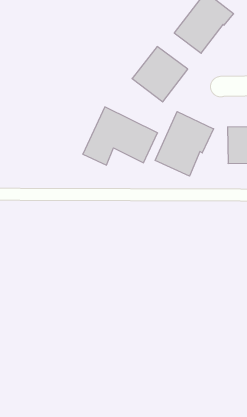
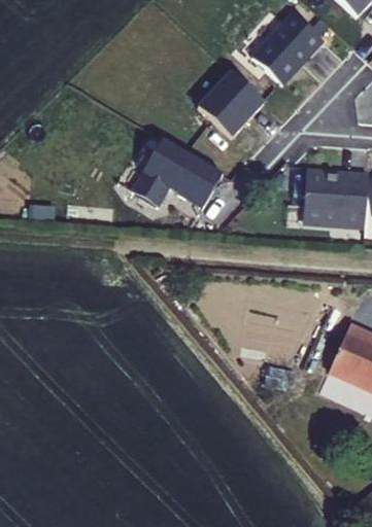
building: [155,112,214,176] -> none

